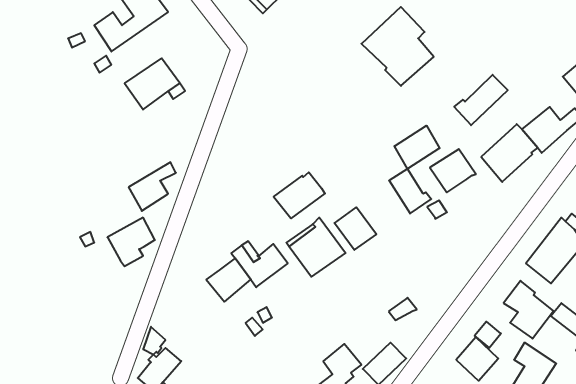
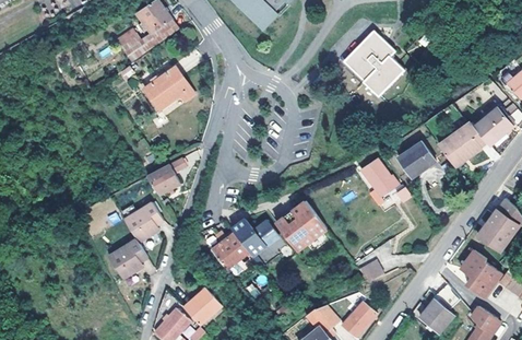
building: [454,75,508,125] -> none
building: [394,126,440,169] -> none
building: [274,172,325,218] -> none
building: [334,207,376,250] -> none
building: none -> [117,236,152,273]
building: none -> [183,289,223,327]

